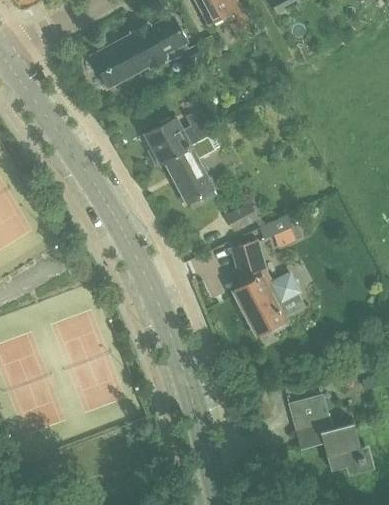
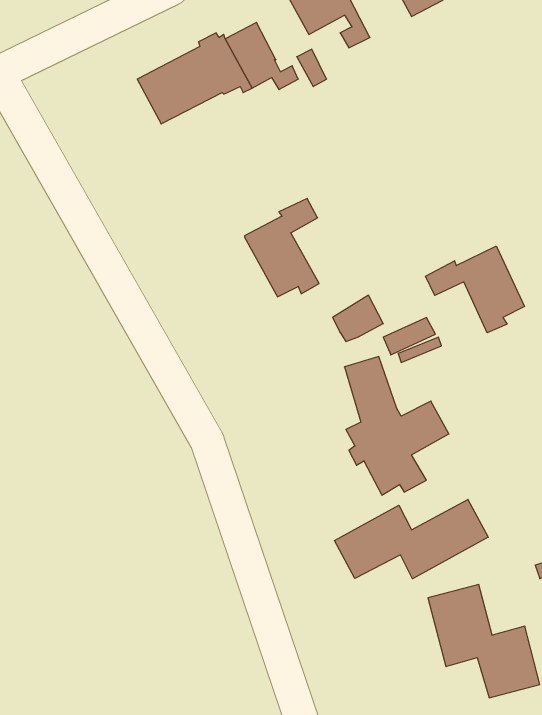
building: [144,108,213,163] -> none
building: none -> [426,246,525,333]
building: none -> [334,499,488,579]

